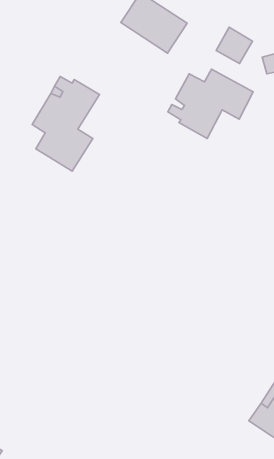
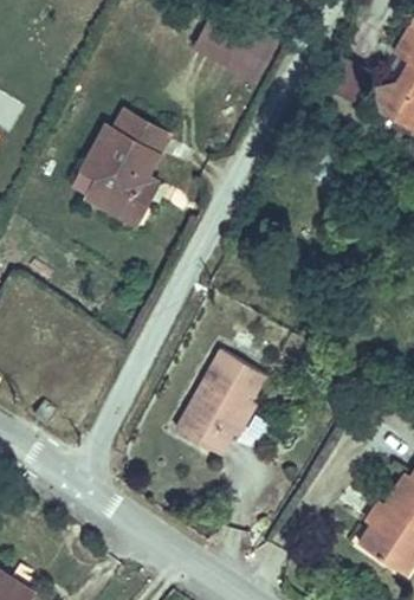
building: [168,69,253,138] -> none
building: none -> [173,350,269,457]

